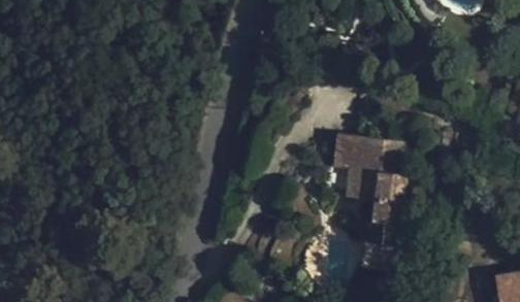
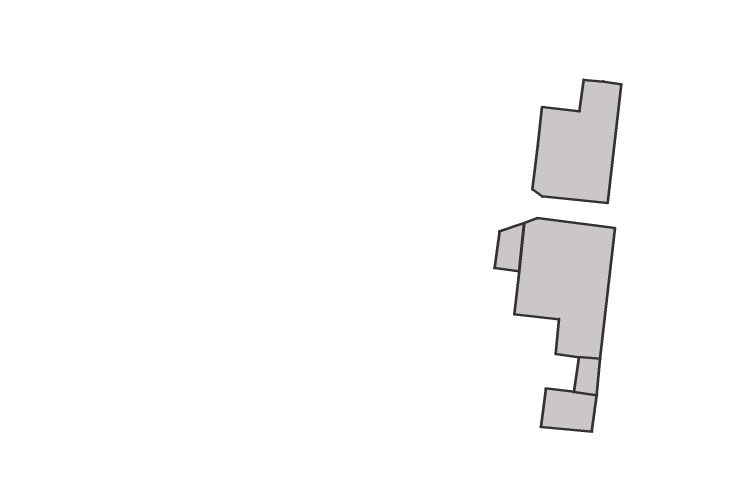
building: none -> [533,80,621,203]

